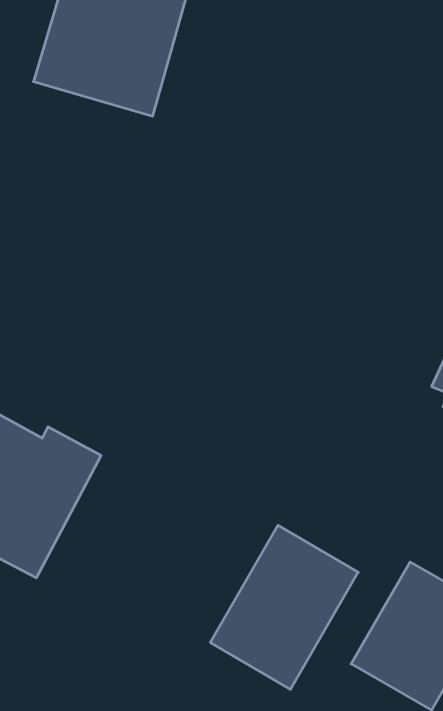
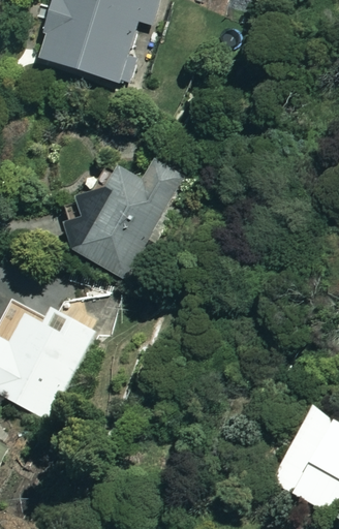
building: none -> [59,158,183,278]
building: [210,525,358,689] -> none

